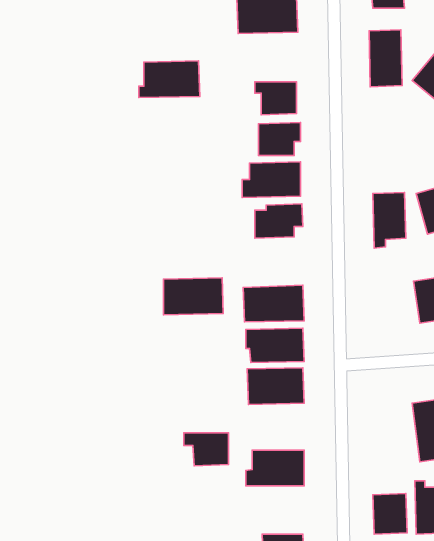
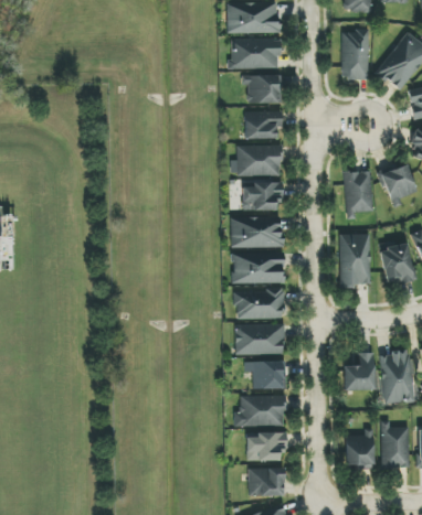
building: [139,61,200,98] -> [228,37,281,69]
building: none -> [340,233,371,286]
building: [164,278,223,315] -> [231,216,283,248]
building: none -> [344,353,374,390]
building: [184,433,228,466] -> [245,361,284,389]
building: none -> [246,432,287,461]

